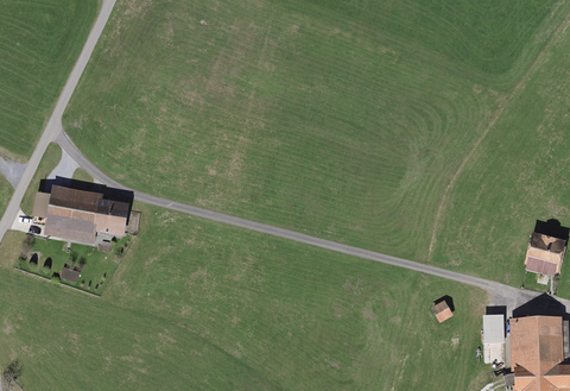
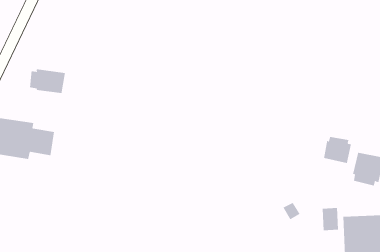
building: none -> [29,68,65,94]
building: none -> [324,136,351,164]

